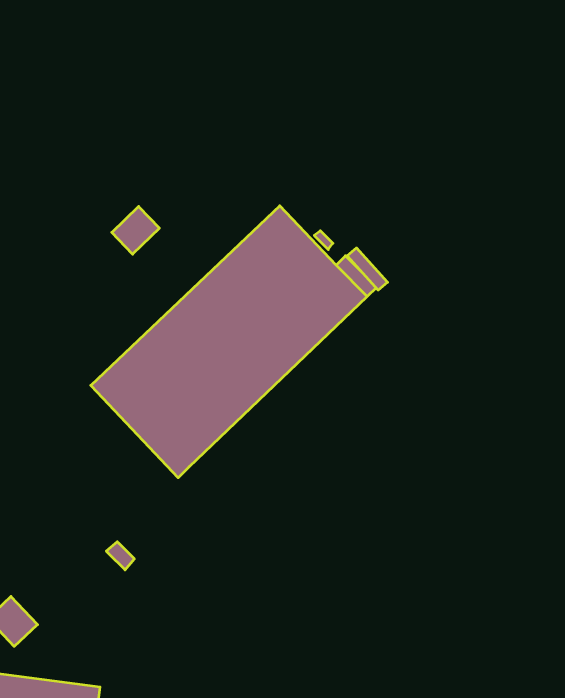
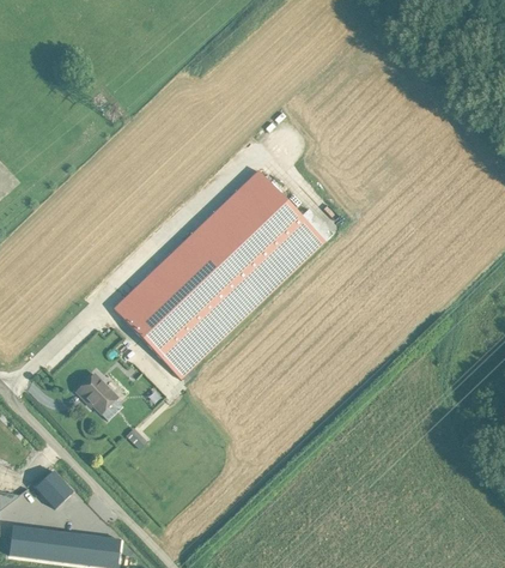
building: [112,206,159,254] -> none
building: none -> [77,373,117,413]

